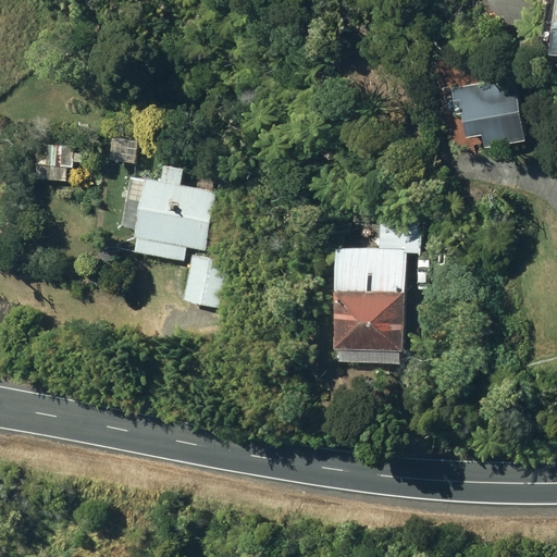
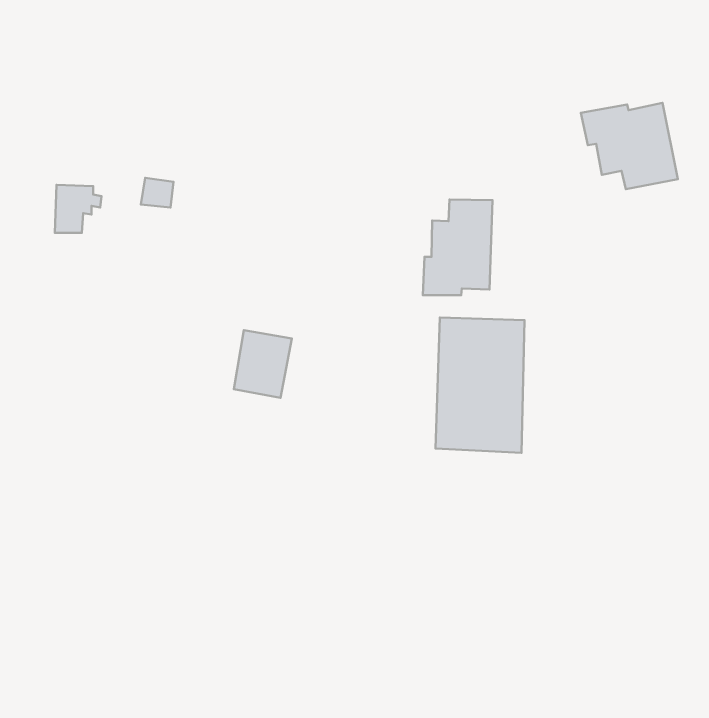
building: none -> [423,200,493,295]
building: [129,165,215,262] -> none

